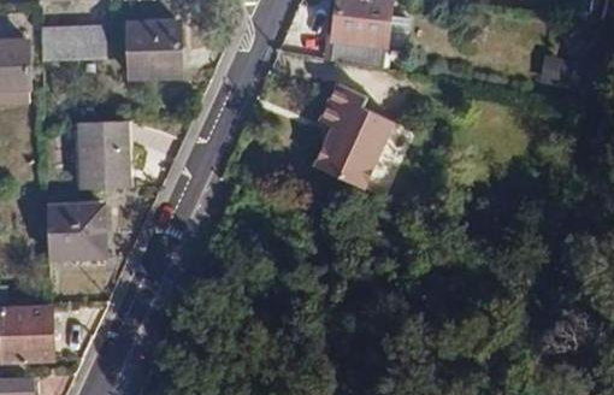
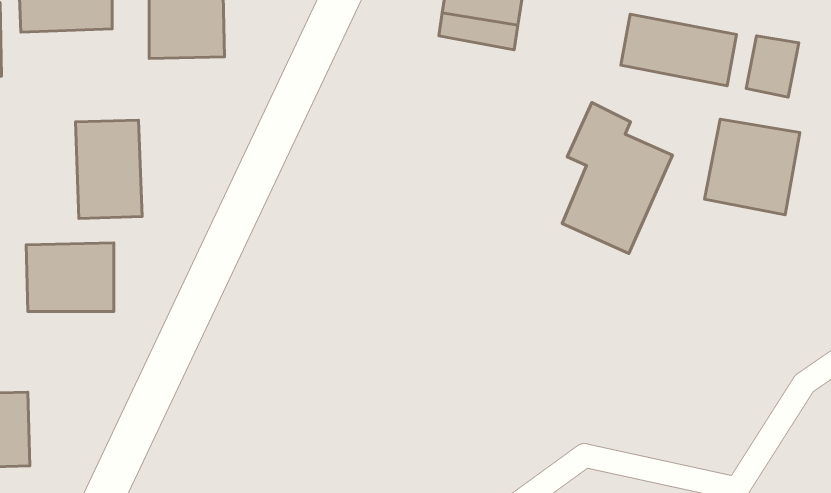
building: none -> [621,14,736,86]
building: [319,88,395,191] -> [562,102,673,253]
building: none -> [704,119,800,215]

